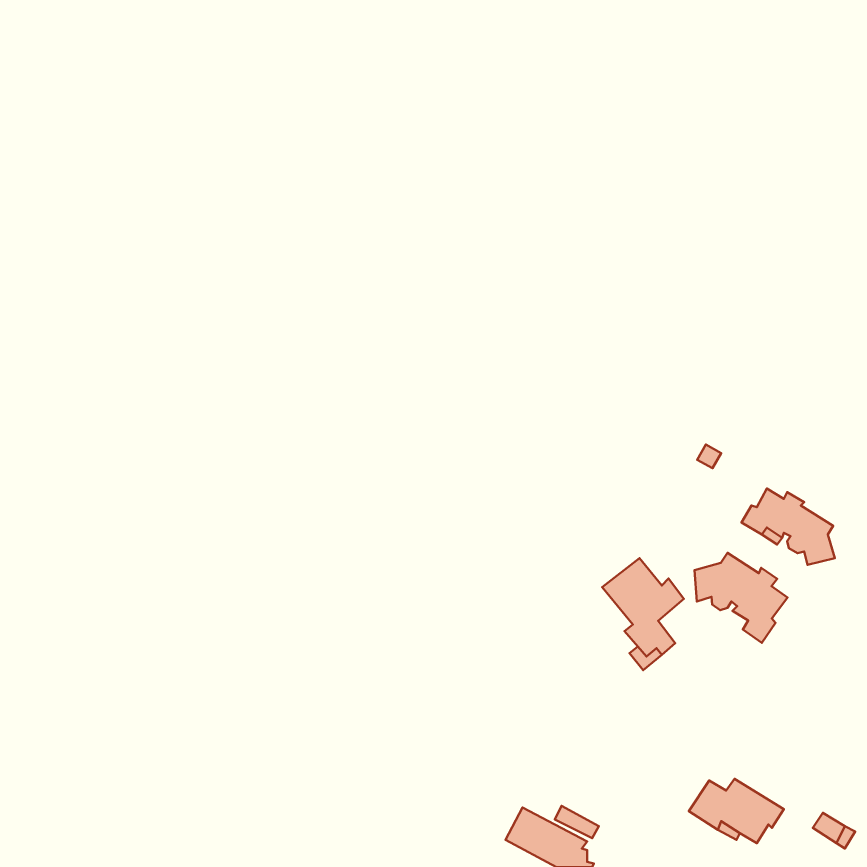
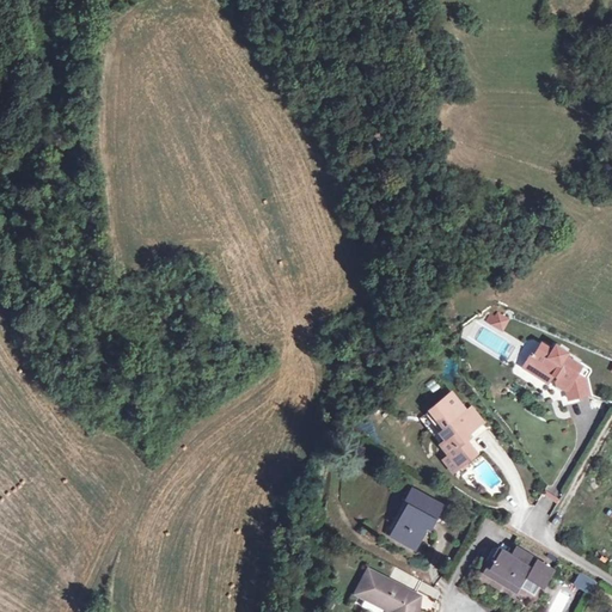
building: [694,553,787,643] -> none
building: none -> [392,489,443,547]

